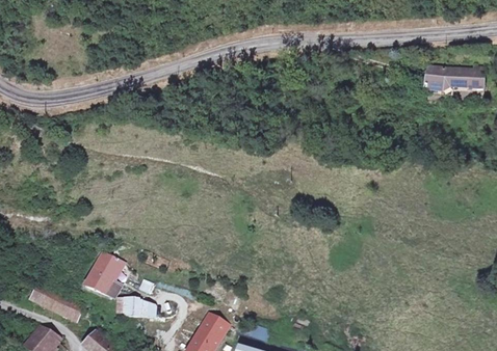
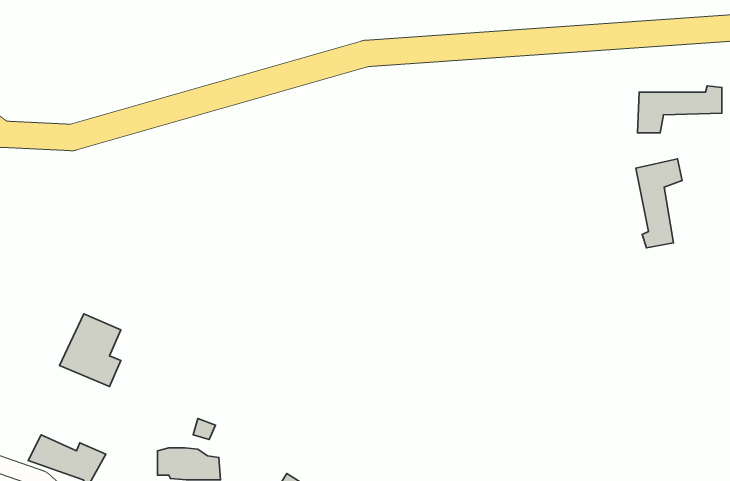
building: none -> [636,159,682,248]
building: [85,251,125,298] -> [59,314,121,386]

